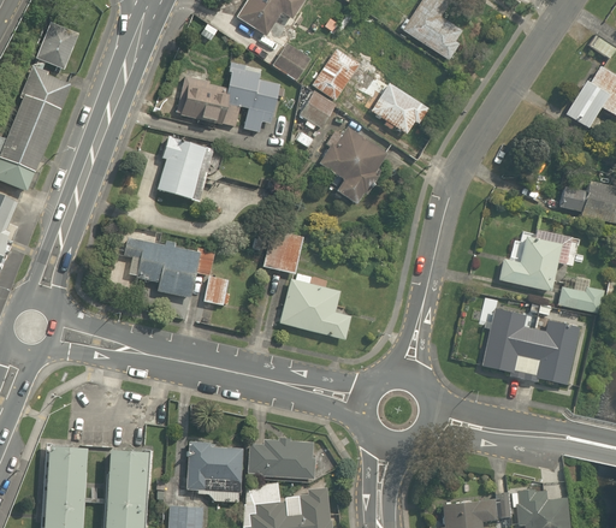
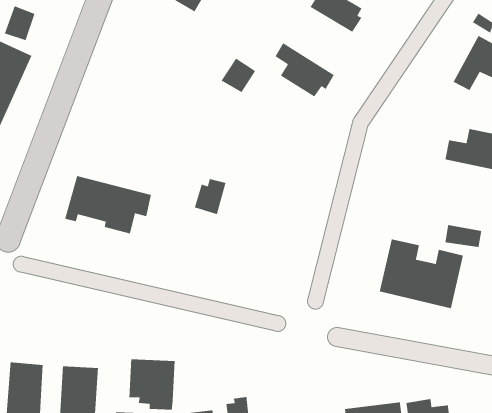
building: [274,46,309,78] -> none
building: [313,47,360,99] -> none
building: [177,61,280,132] -> none
building: [321,126,386,207] -> none
building: [158,135,211,204] -> none
building: [494,226,580,290] -> none
building: [278,269,353,340] -> none
building: [203,274,232,305] -> none
building: [251,441,315,476] -> none

